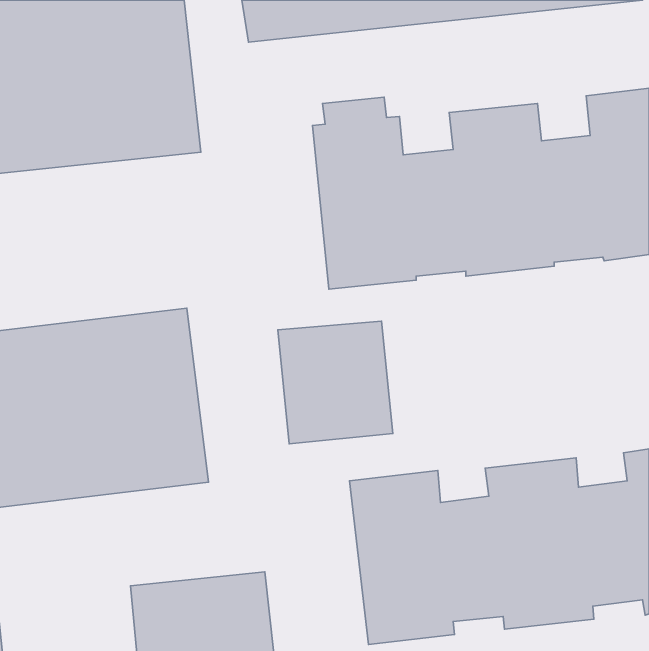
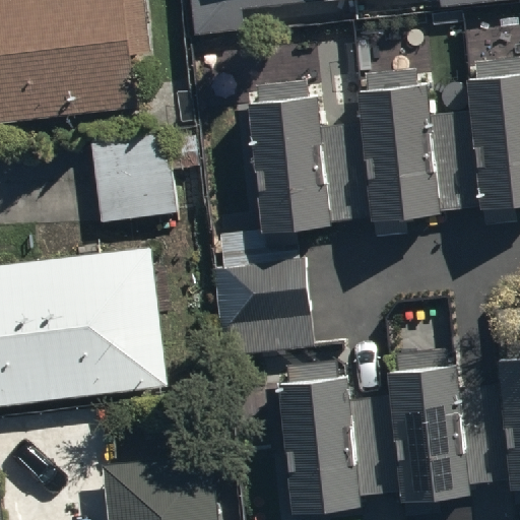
building: none -> [90,133,177,222]

